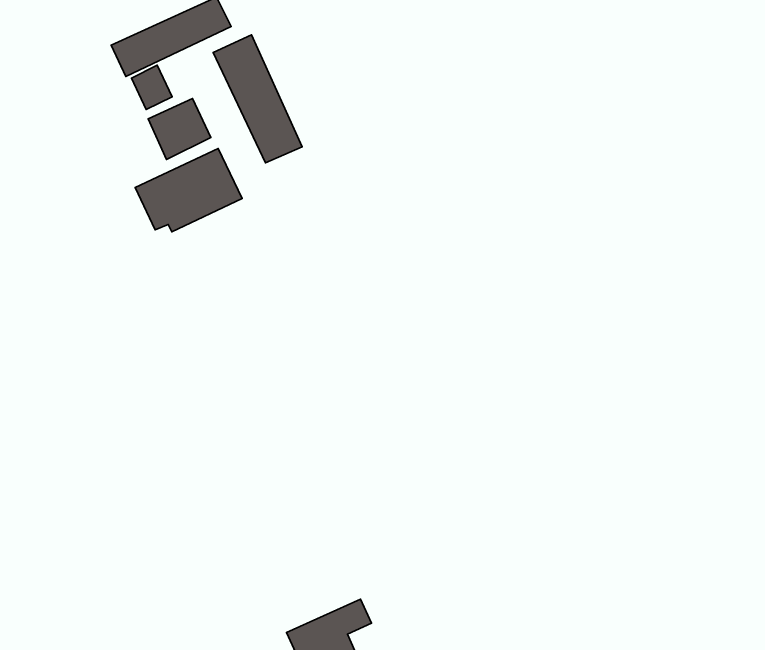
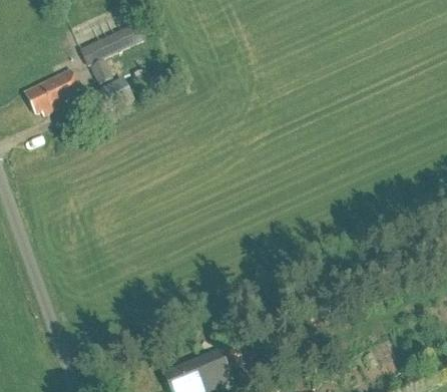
building: [213,35,302,163] -> none
building: [135,149,242,232] -> [25,68,83,113]

